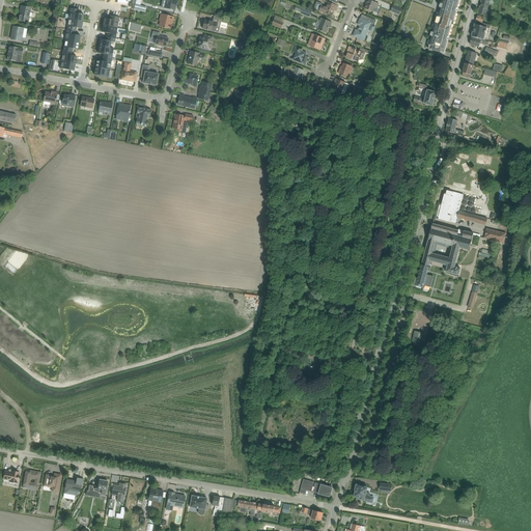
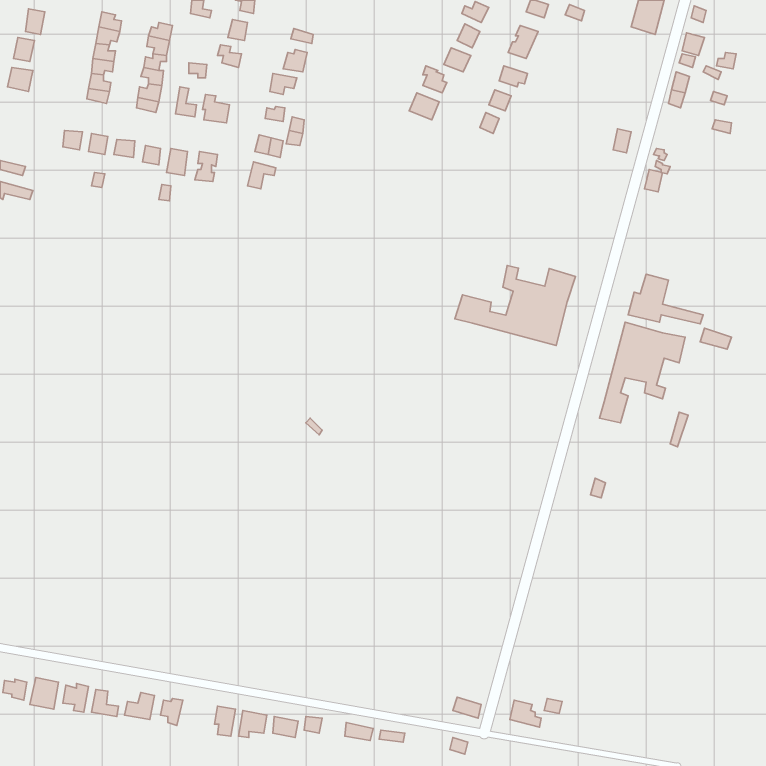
building: [428,19,453,53] -> none
building: none -> [455,266,576,346]

